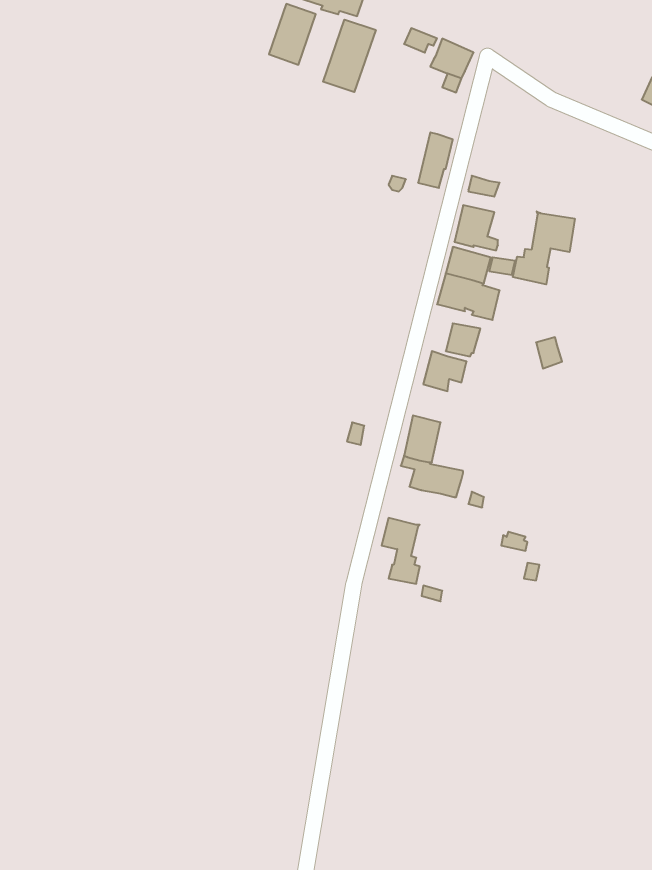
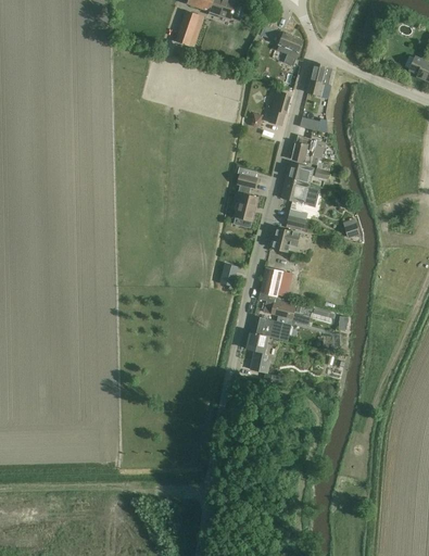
building: [323,20,376,92] -> none
building: none -> [308,62,331,94]
building: [513,211,575,284] -> none
building: none -> [235,173,258,219]
building: none -> [251,315,292,340]

